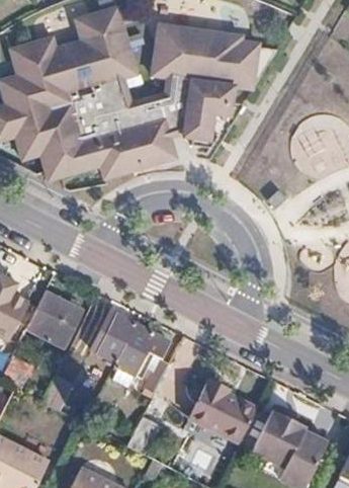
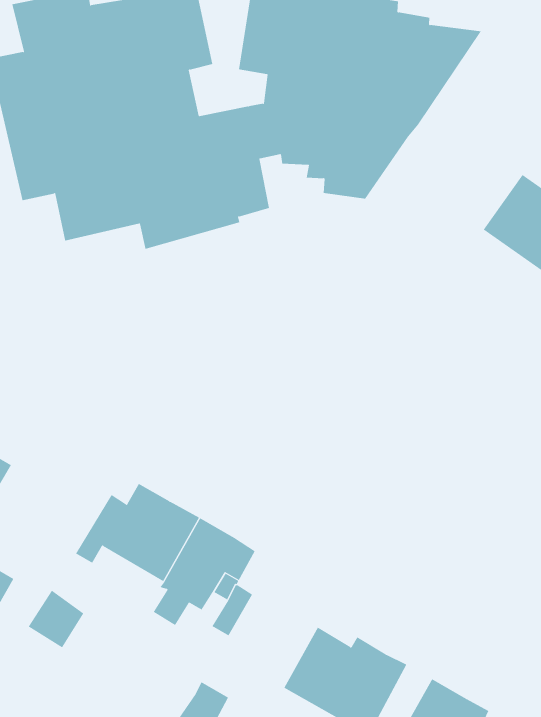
building: [26,298,78,346] -> none

